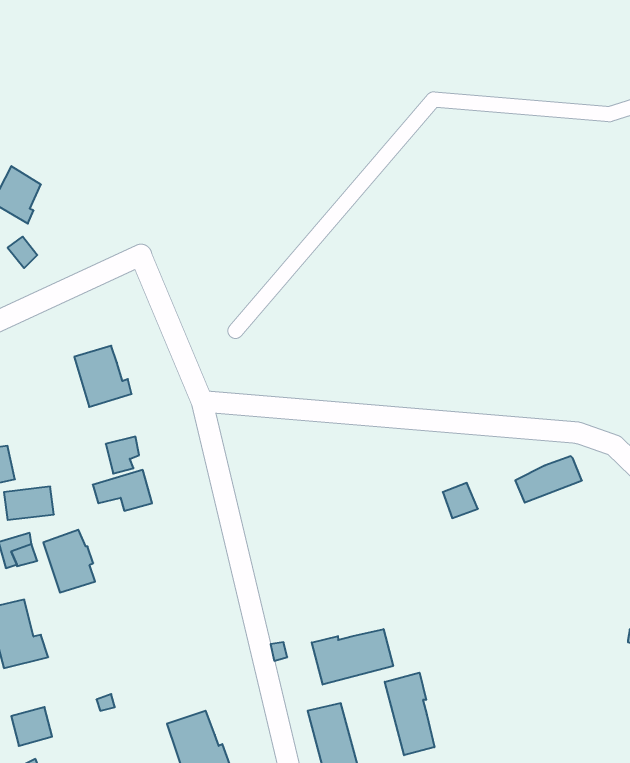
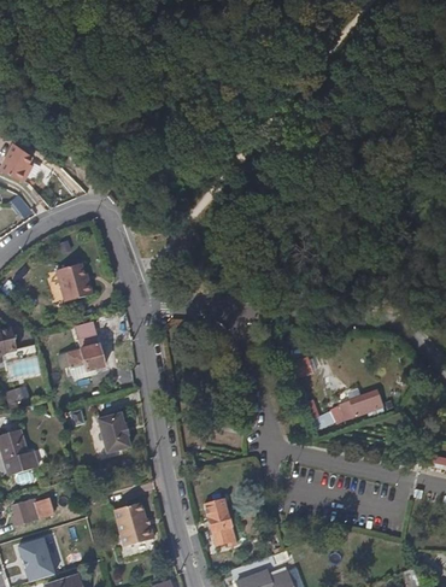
building: [515,456,582,503] -> [339,388,382,418]
building: [43,530,95,593] -> [96,411,130,452]
building: [312,629,393,685] -> none
building: [385,673,434,755] -> none

